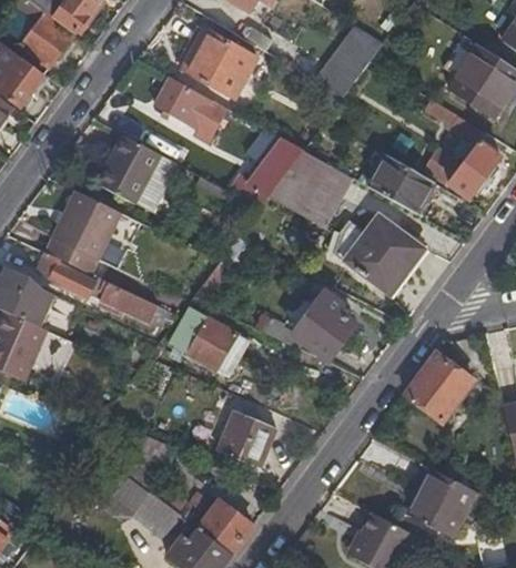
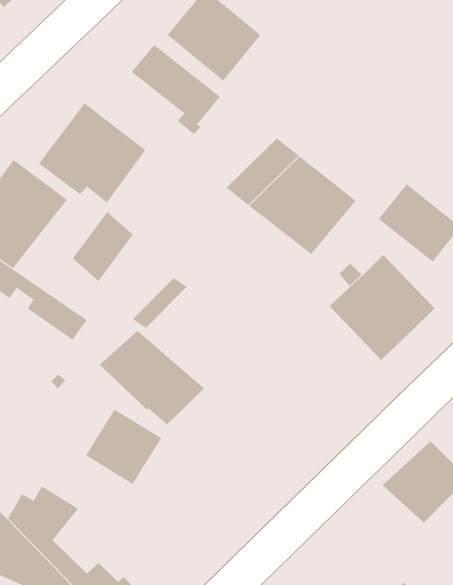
building: [313,27,378,98] -> none
building: none -> [72,211,133,282]
building: [259,288,353,361] -> none
building: [215,408,273,465] -> [85,409,162,485]

